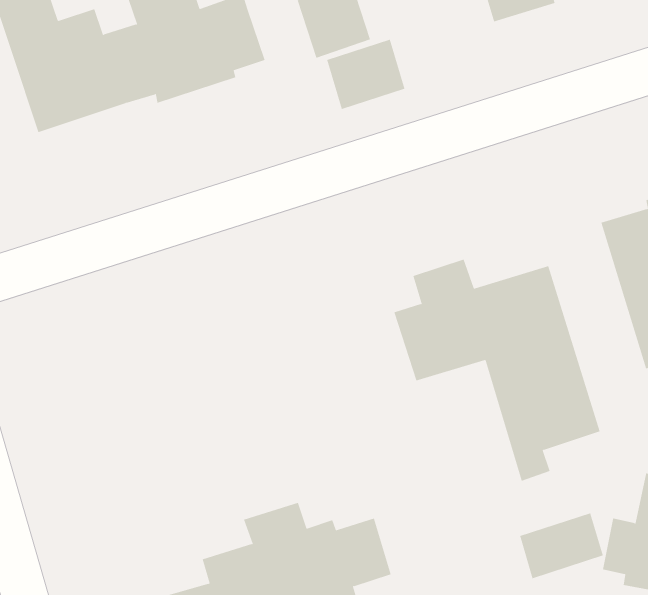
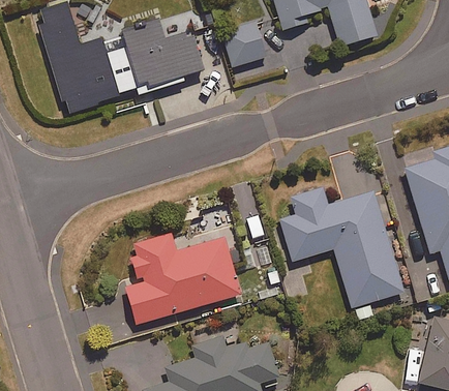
building: [326,39,405,110] -> none
building: none -> [123,233,239,324]
building: [520,512,603,579] -> none

